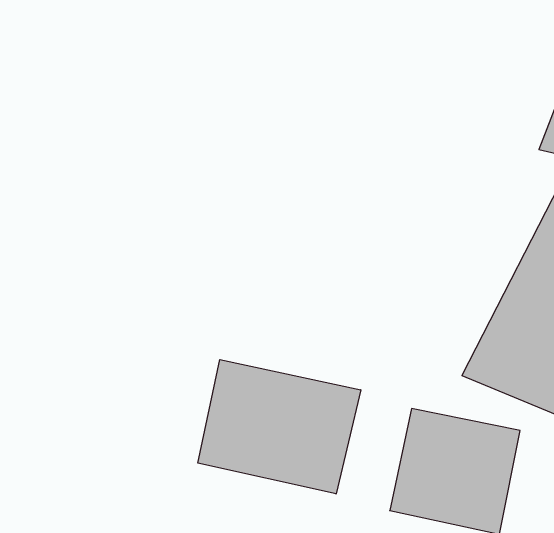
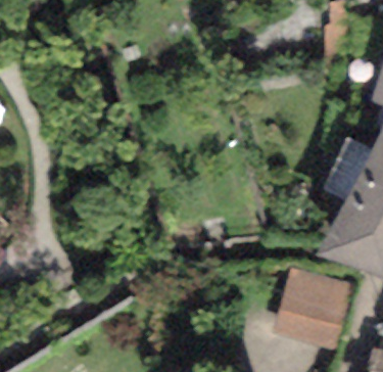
building: [198,360,361,494] -> none

